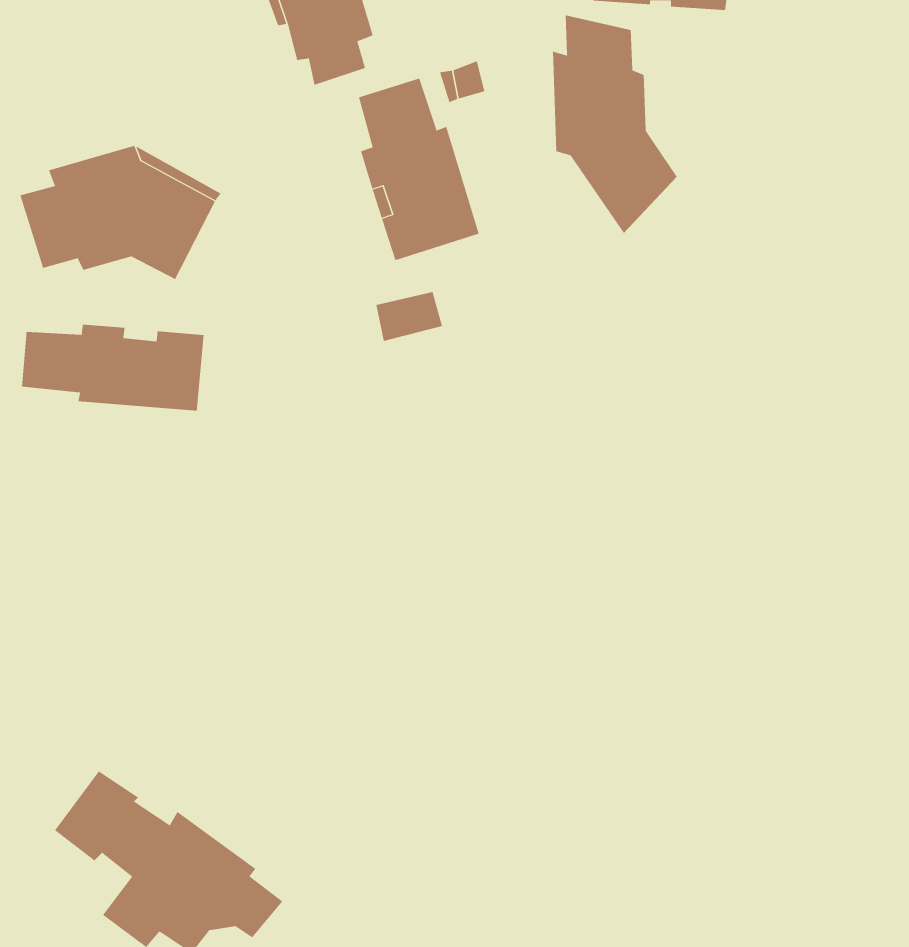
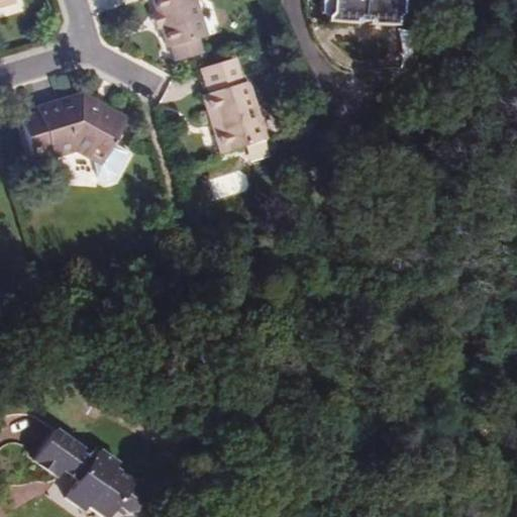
building: [552,15,677,234] -> none
building: [21,324,204,412] -> none

